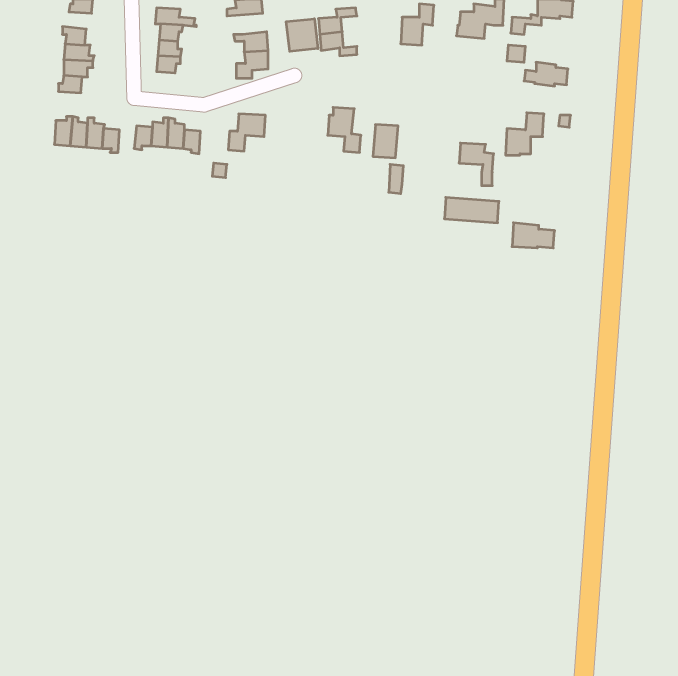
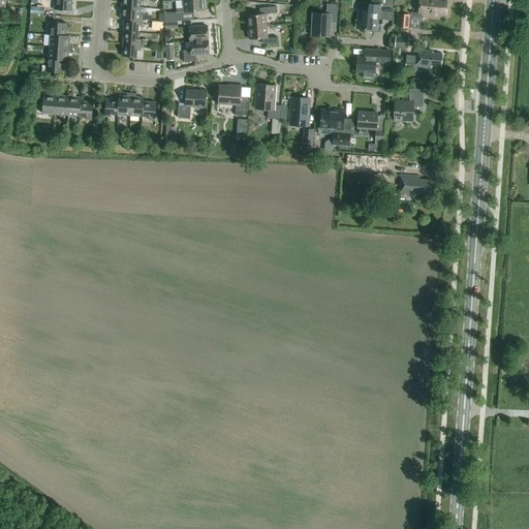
building: [286,19,318,51] -> none
building: none -> [356,49,391,72]
building: none -> [218,85,250,116]
building: none -> [317,108,351,145]

